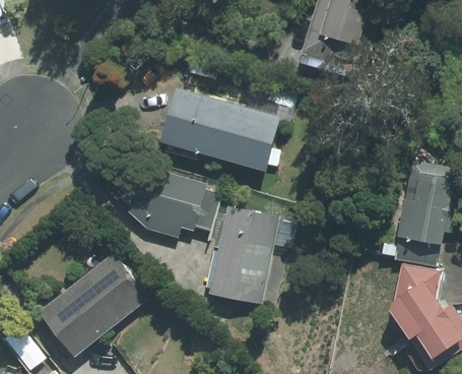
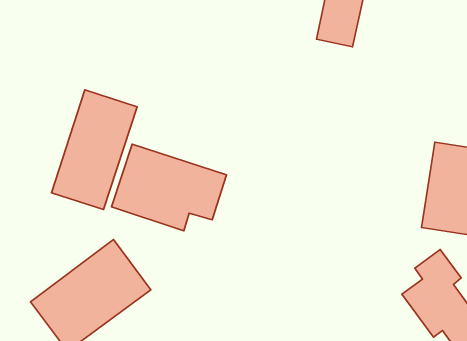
building: [160,88,284,171] -> none
building: none -> [51,90,137,210]
building: [213,208,275,302] -> none

